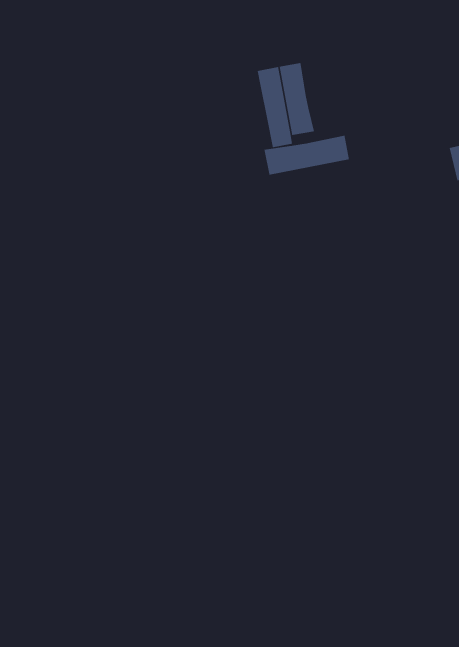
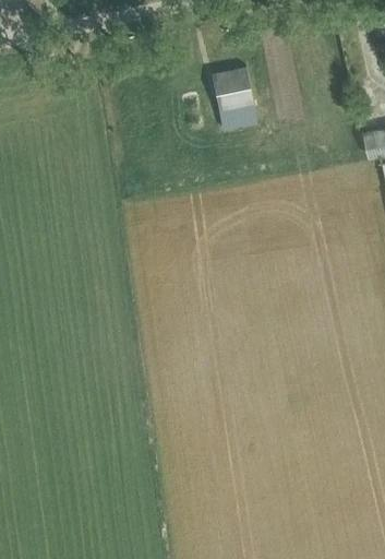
building: [264,135,349,175] -> none

